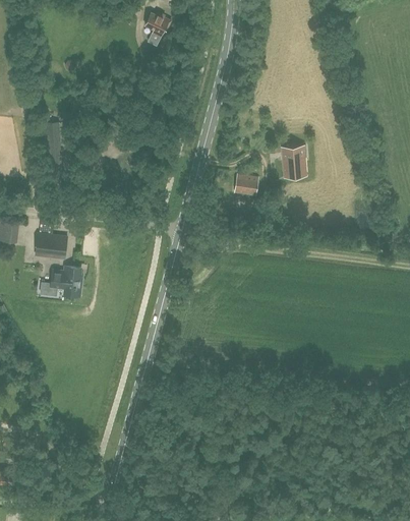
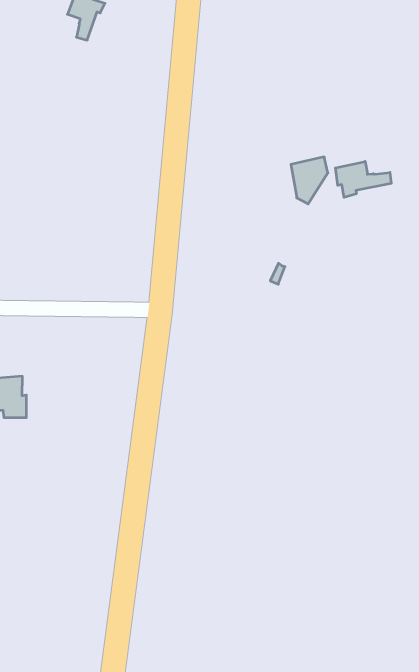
building: none -> [335,161,391,197]
building: [233,174,257,195] -> none

